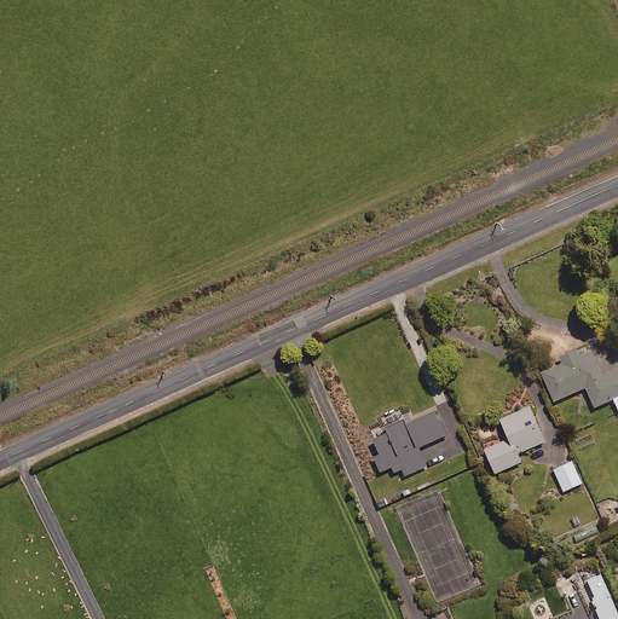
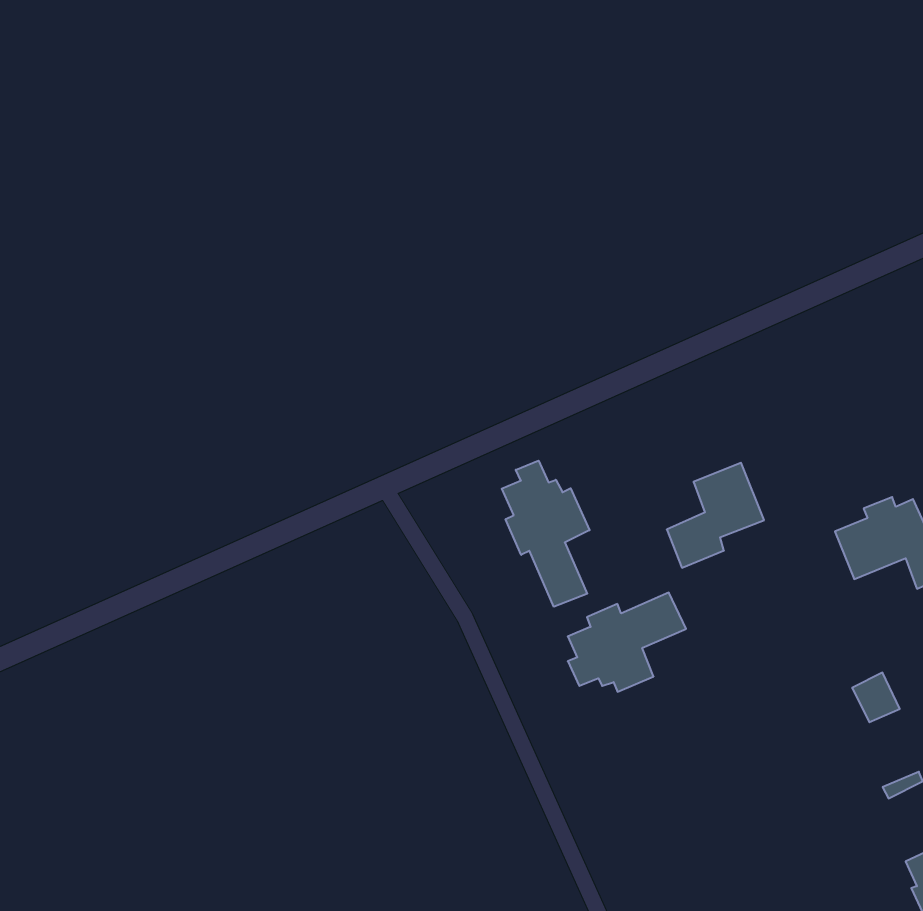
building: none -> [502,461,590,607]
building: [484,406,545,473] -> [667,463,764,568]

